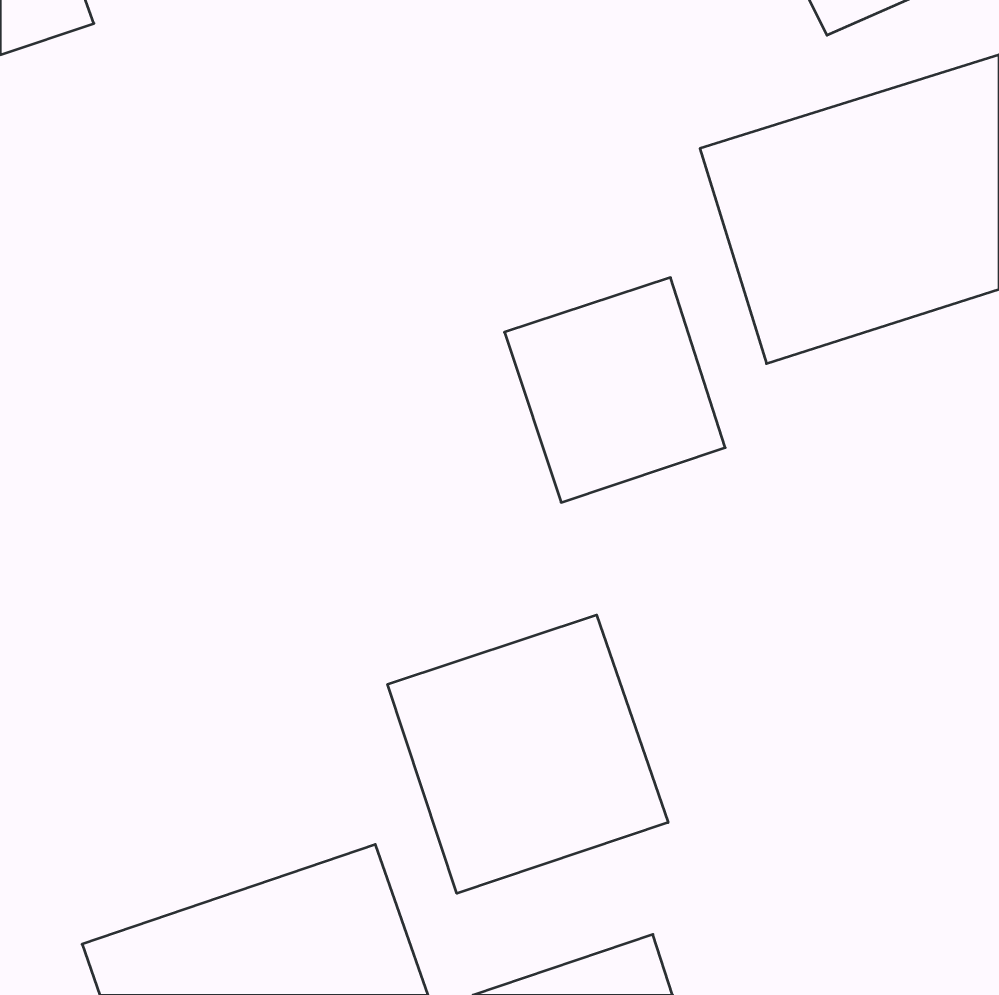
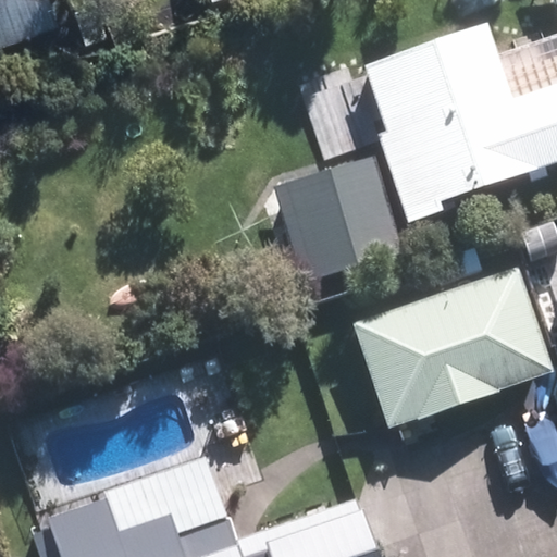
building: none -> [350,271,547,425]
building: [388,615,668,893] -> none

